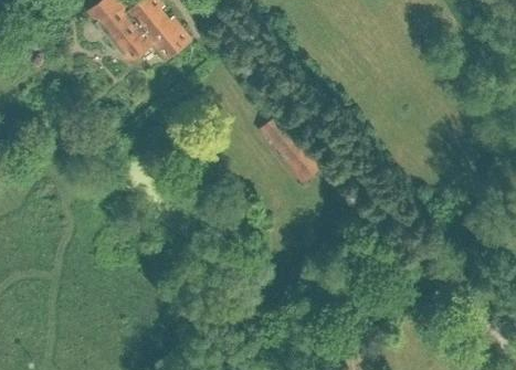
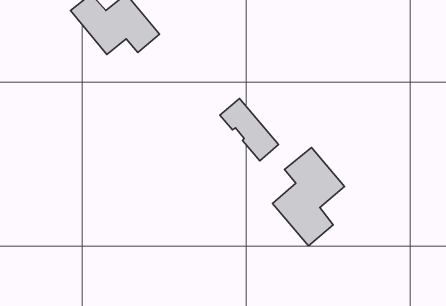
building: none -> [273,147,344,246]

